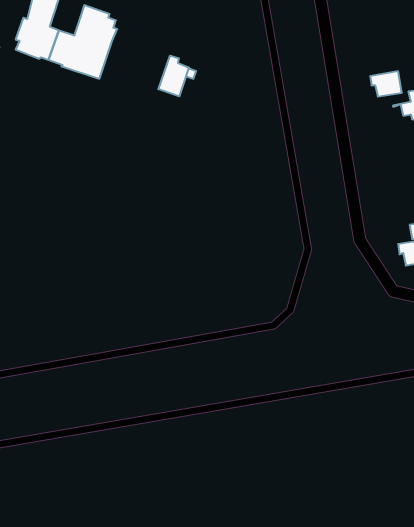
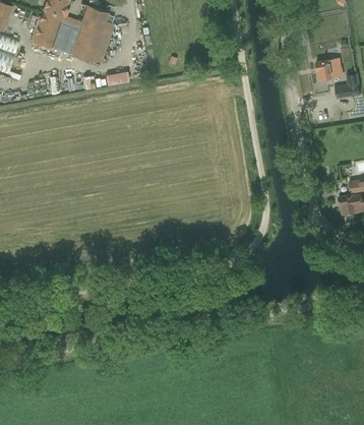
building: [158,56,189,96] -> none

